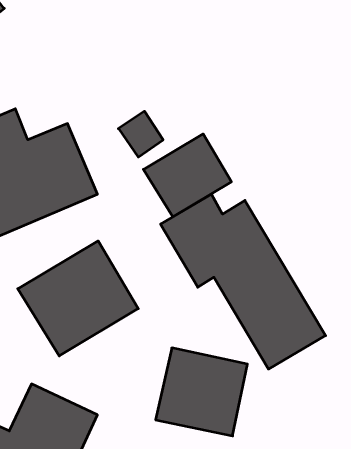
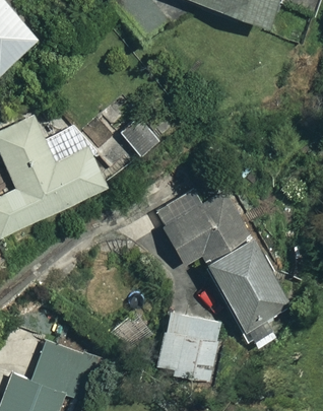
building: [143,134,231,217] -> none
building: [18,241,138,356] -> none

